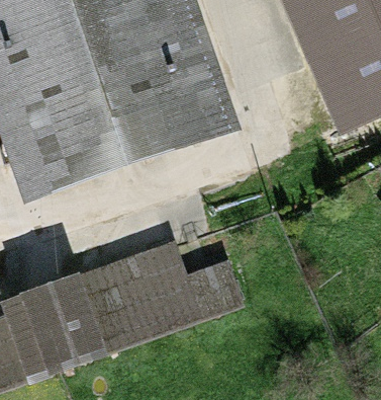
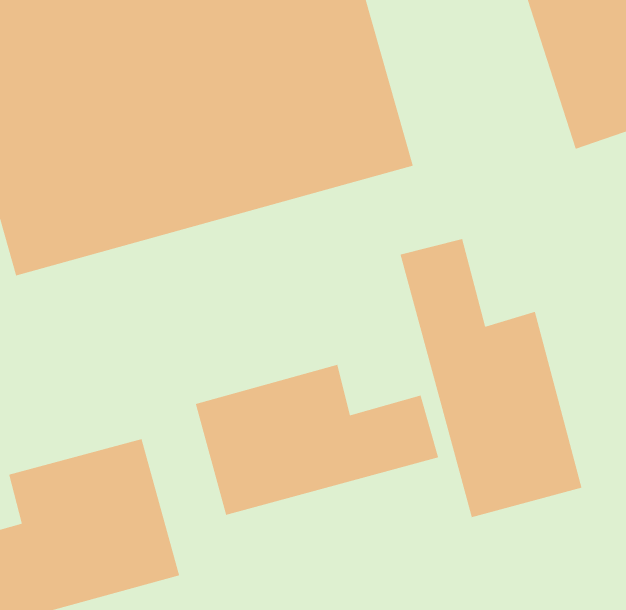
building: none -> [400,238,583,518]

